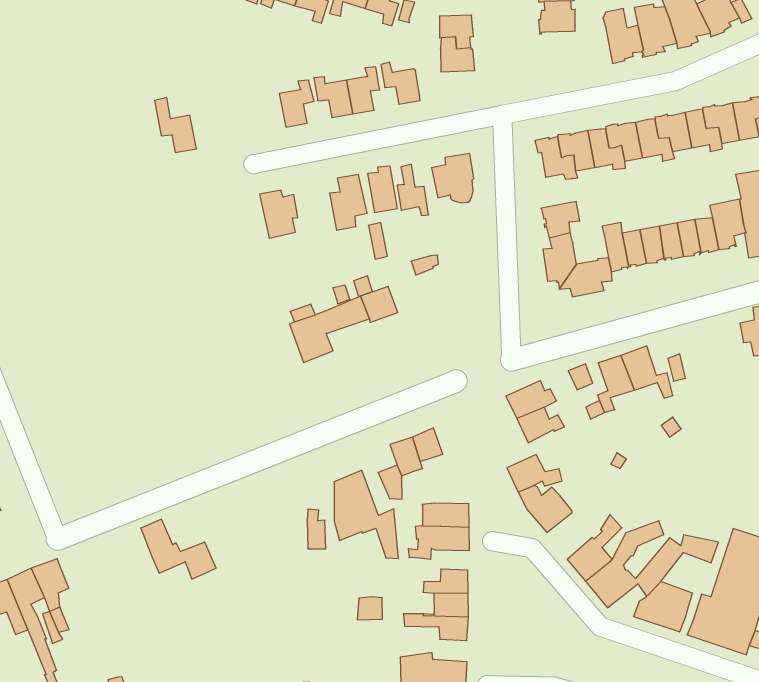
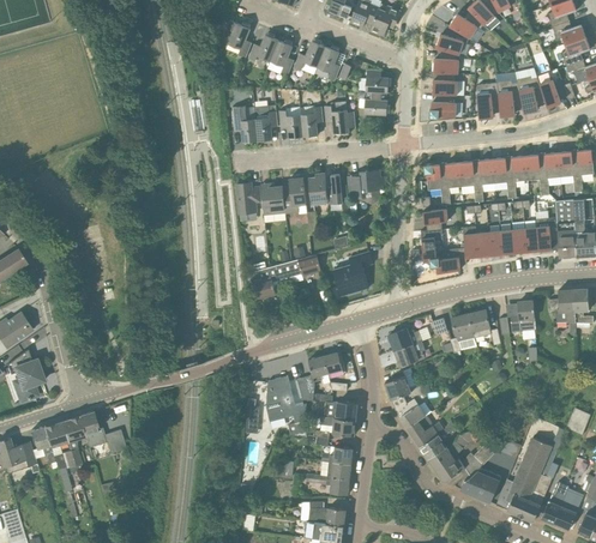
building: none -> [431,93,456,117]
building: [154,98,197,152] -> [233,105,258,143]
building: none -> [261,183,285,215]
building: none -> [333,252,373,296]
building: none -> [511,301,536,332]
building: none -> [408,415,438,447]
building: [141,519,216,579] -> [79,411,127,453]

